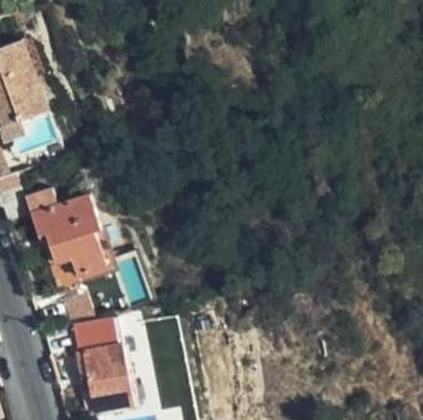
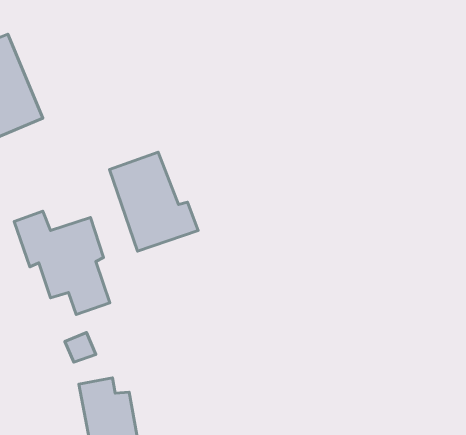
building: none -> [109,152,198,251]

